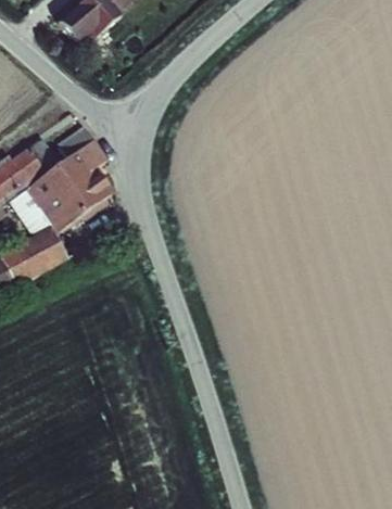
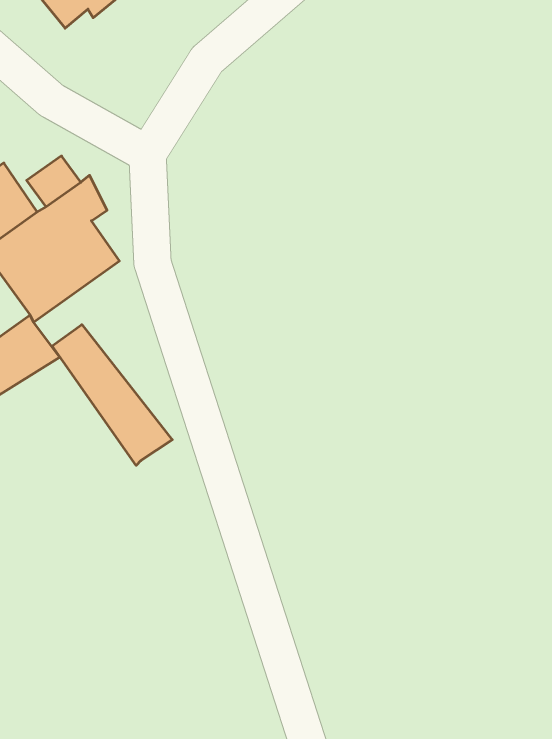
building: none -> [52,325,172,465]

